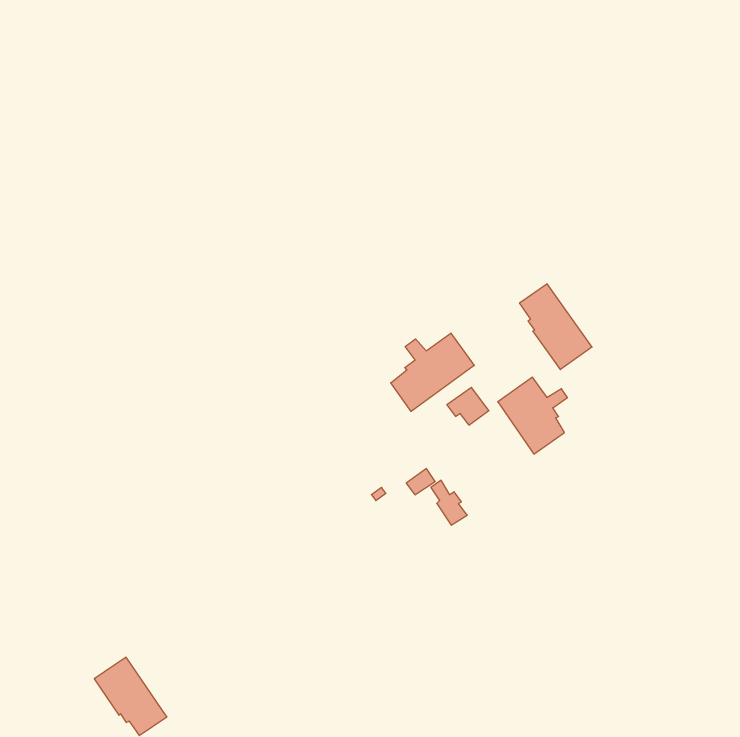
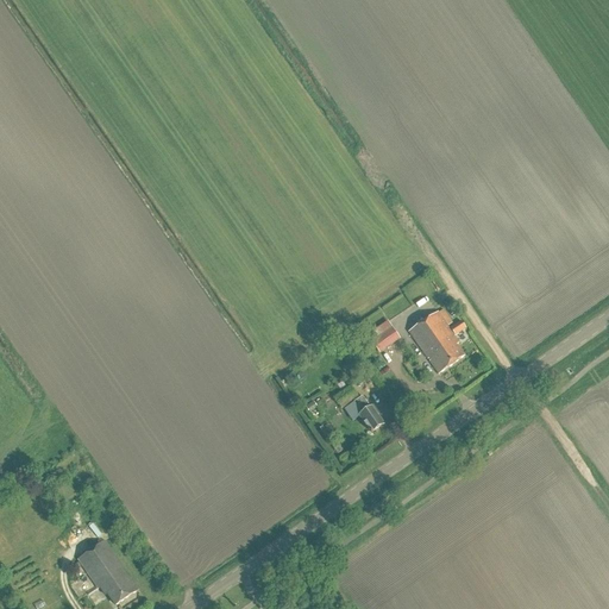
building: [520,284,592,370] -> none
building: [391,333,474,411] -> none

